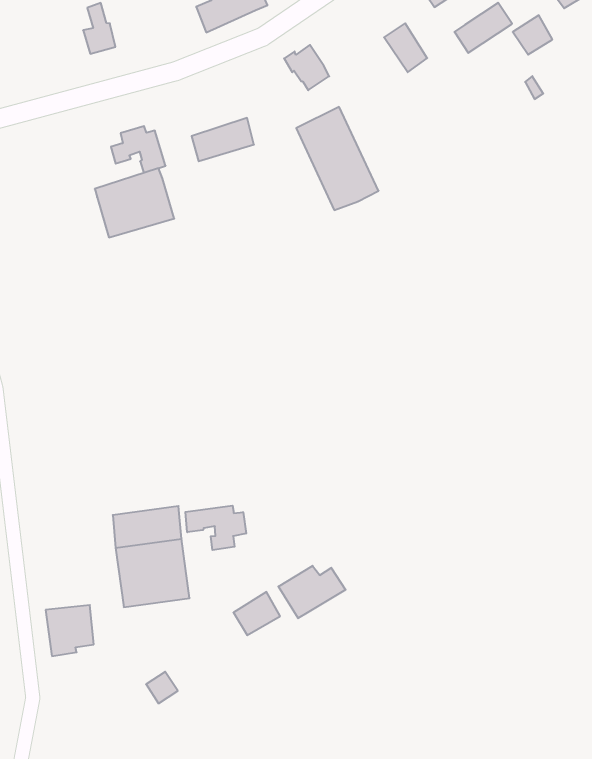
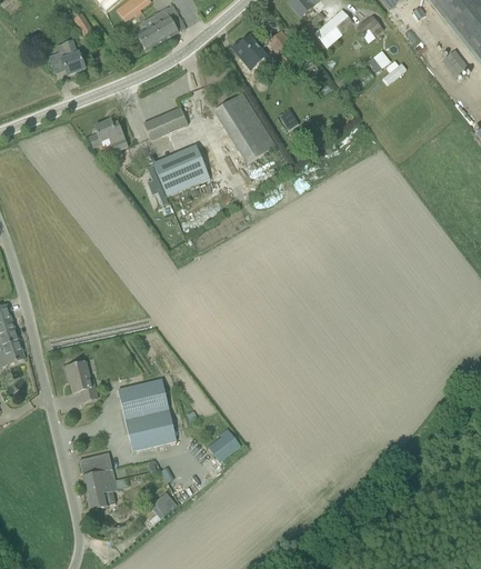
building: [284,45,329,90] -> [232,36,264,67]
building: [95,168,174,237] -> [153,144,210,196]
building: none -> [67,361,97,401]
building: [185,506,246,550] -> none
building: [278,566,346,618] -> none
building: none -> [87,477,129,510]

